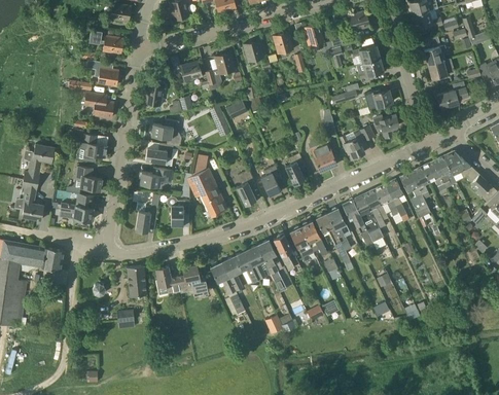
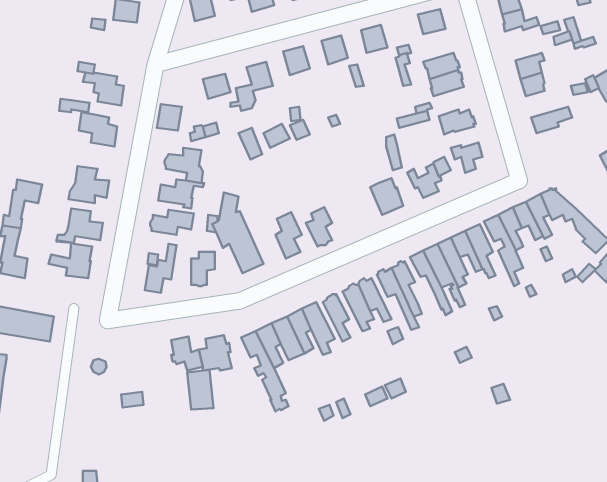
building: [88,30,123,55] -> none
building: [285,153,306,185] -> none
building: [127,265,147,296] -> [187,370,214,409]

